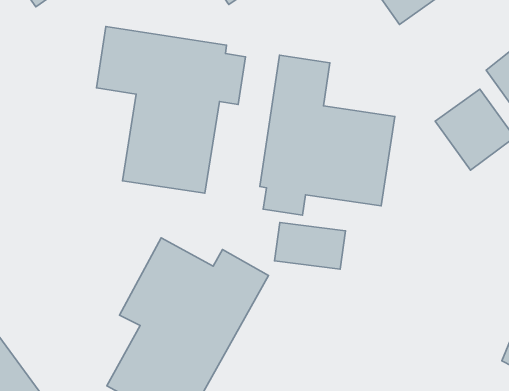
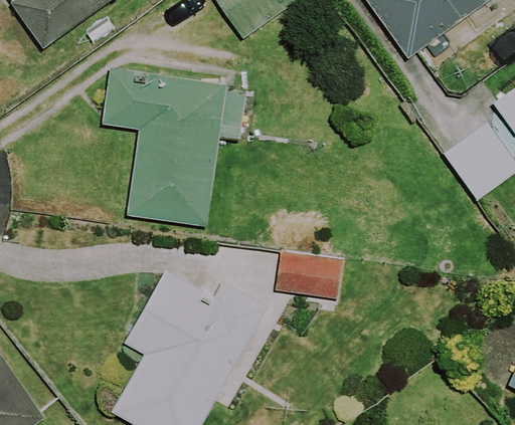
building: [260,55,395,215] -> none

